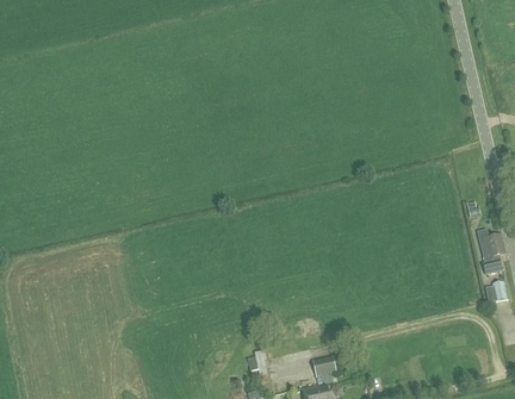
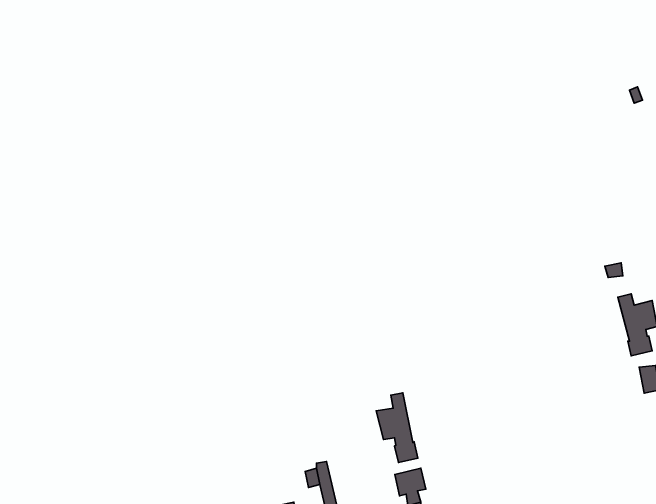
building: none -> [376,393,418,462]

